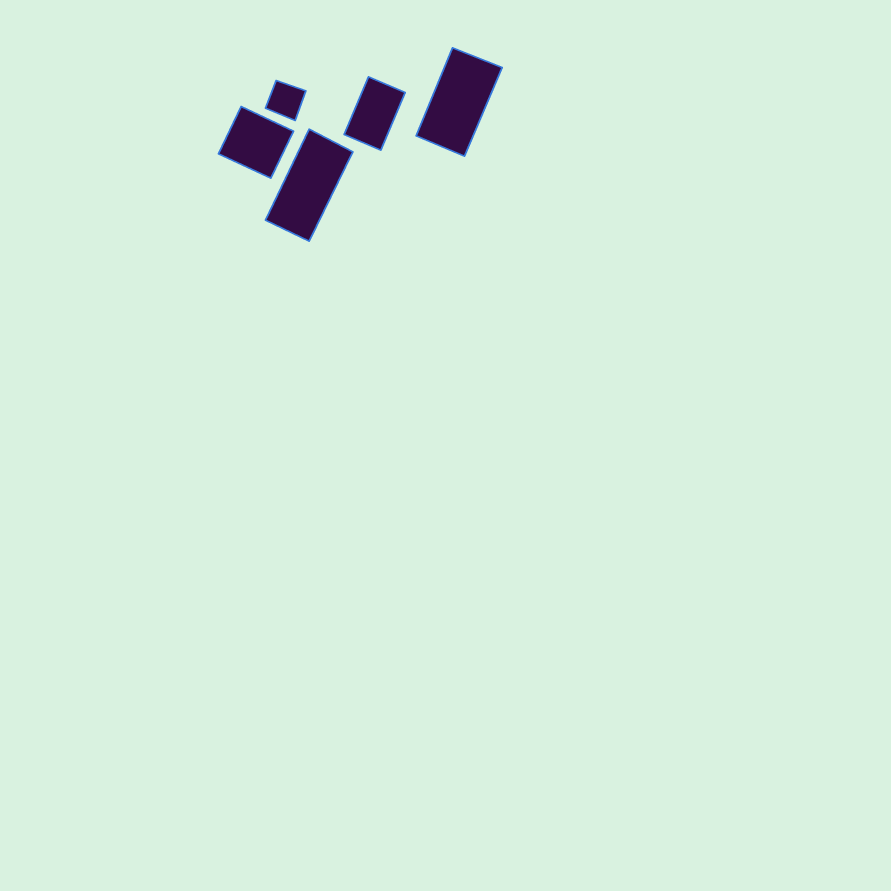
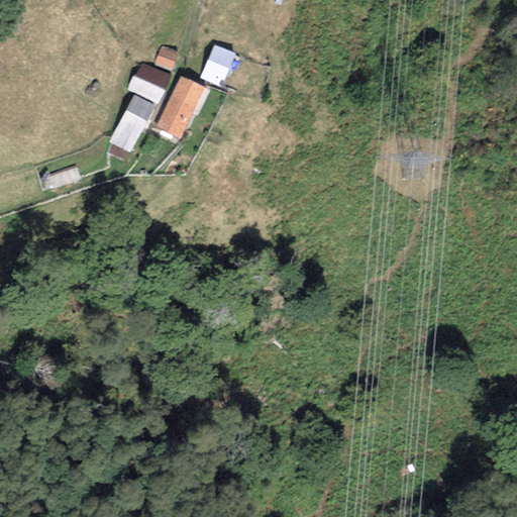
building: [416,48,502,156] -> none
building: none -> [109,95,156,151]

